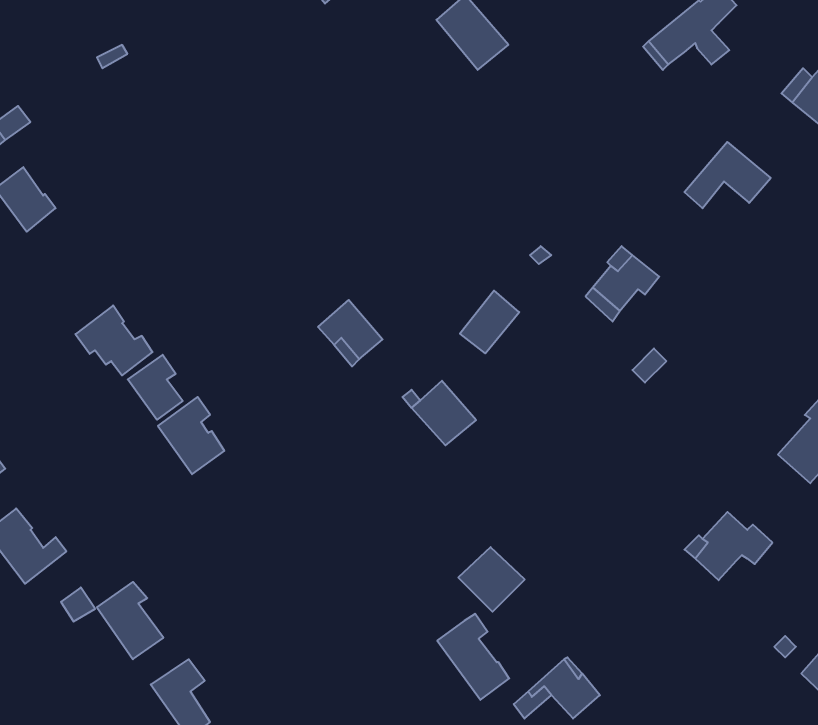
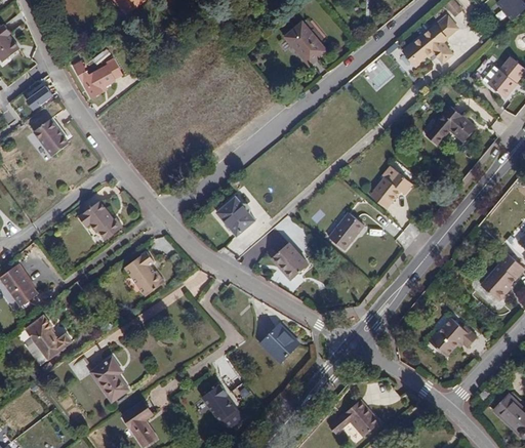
building: none -> [74,57,122,96]
building: [460,291,519,353] -> [329,212,363,248]
building: [128,355,183,420] -> none
building: [458,547,525,612] -> [261,324,299,361]
building: [437,614,509,700] -> [202,381,243,431]

